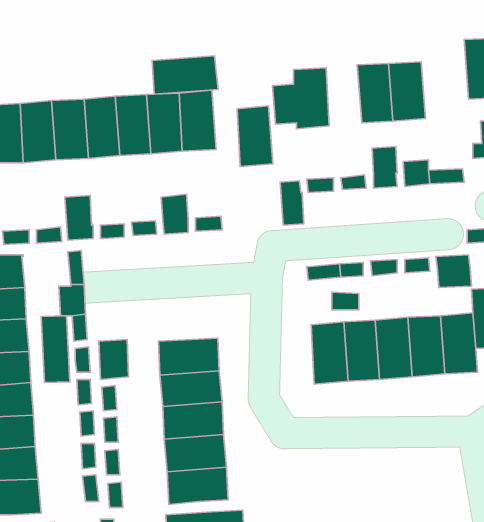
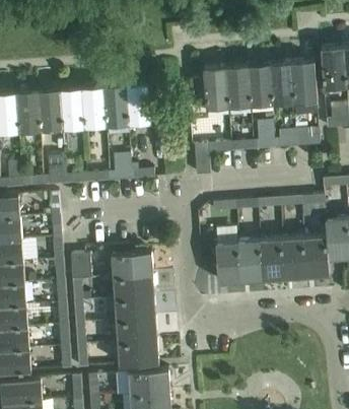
building: [152,56,218,94] -> none
building: none -> [291,61,318,103]
building: [237,106,273,167] -> [226,66,251,108]
building: [41,316,70,382] -> none

